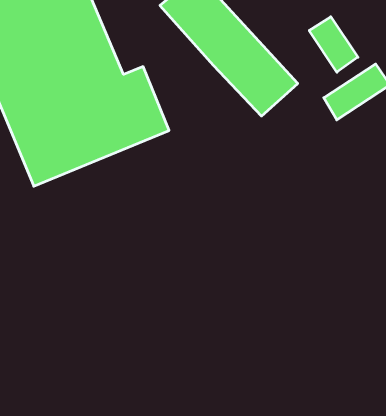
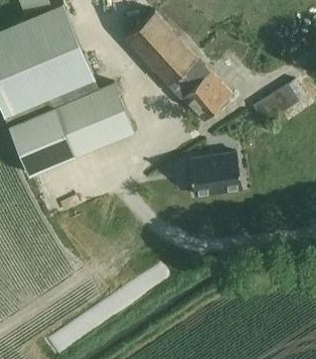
building: [309,17,358,72] -> none
building: none -> [187,151,245,202]

